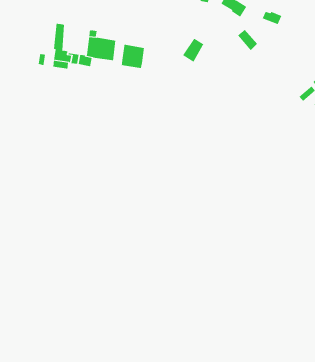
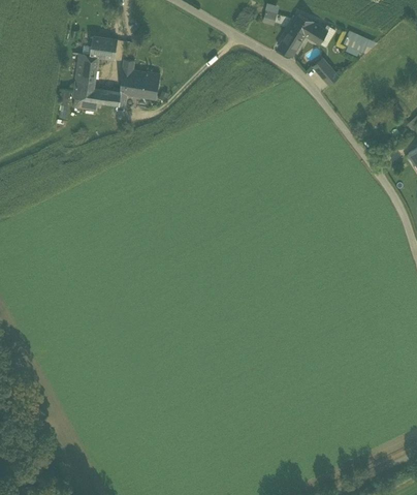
building: none -> [92,34,116,56]
building: [182,38,204,62] -> [277,27,304,58]
building: [121,44,145,69] -> none

